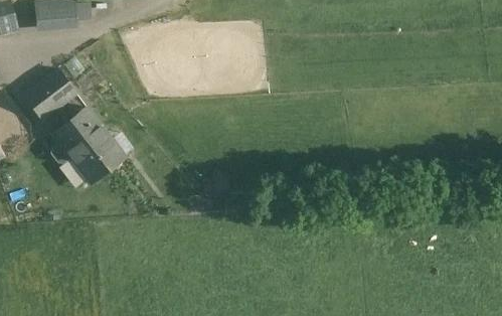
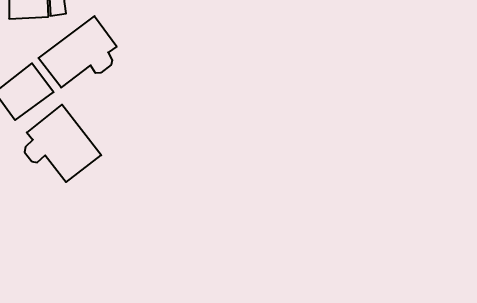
building: none -> [38,16,117,88]

